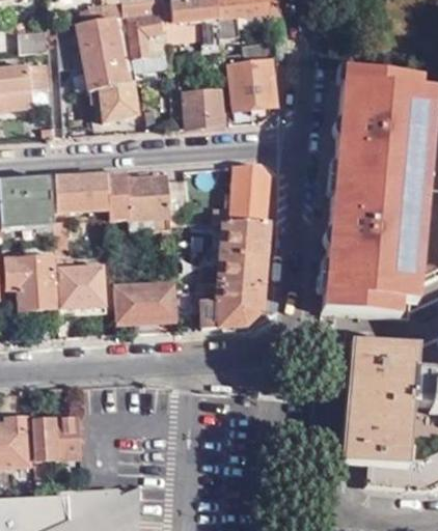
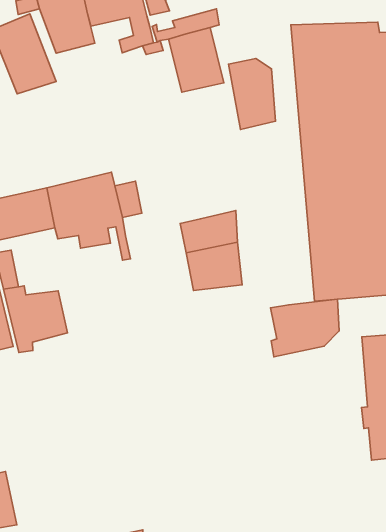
building: [91,79,139,118] -> none
building: [182,81,227,125] -> none
building: [234,162,271,222] -> [228,59,276,129]
building: [109,281,171,323] -> none
building: [197,284,262,328] -> [271,299,339,357]
building: [31,413,82,465] -> none

